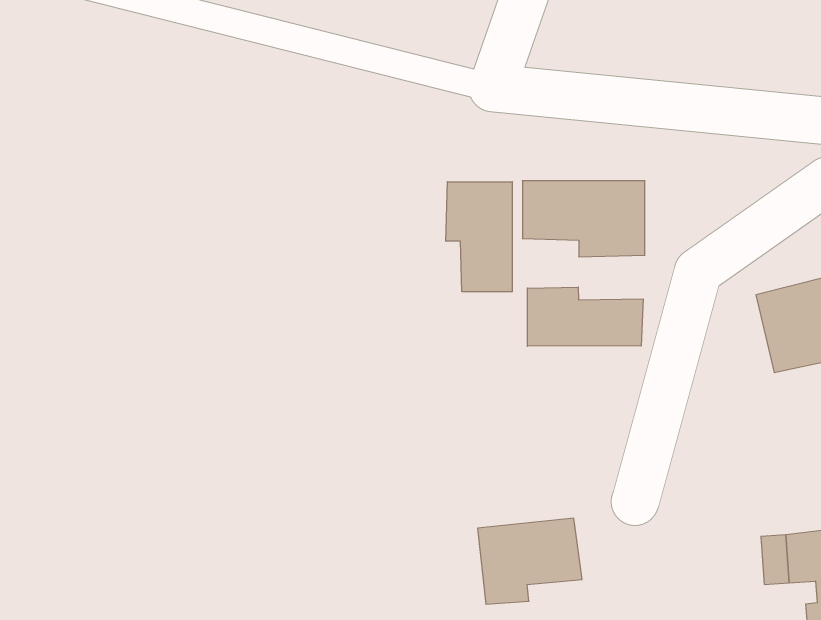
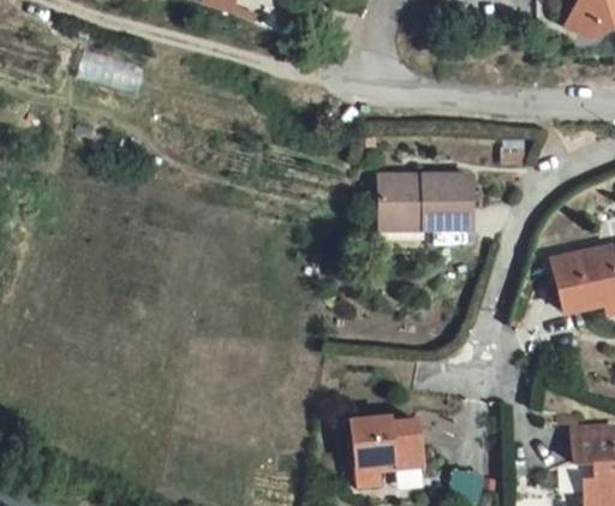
building: [446,182,512,292] -> none
building: [527,287,643,346] -> none

